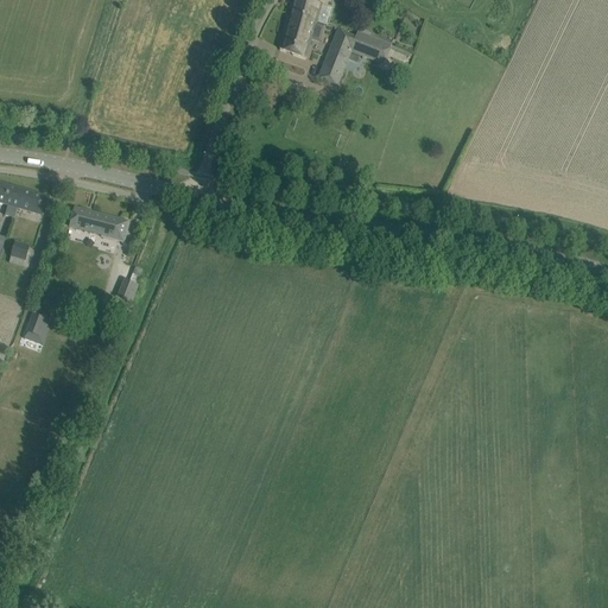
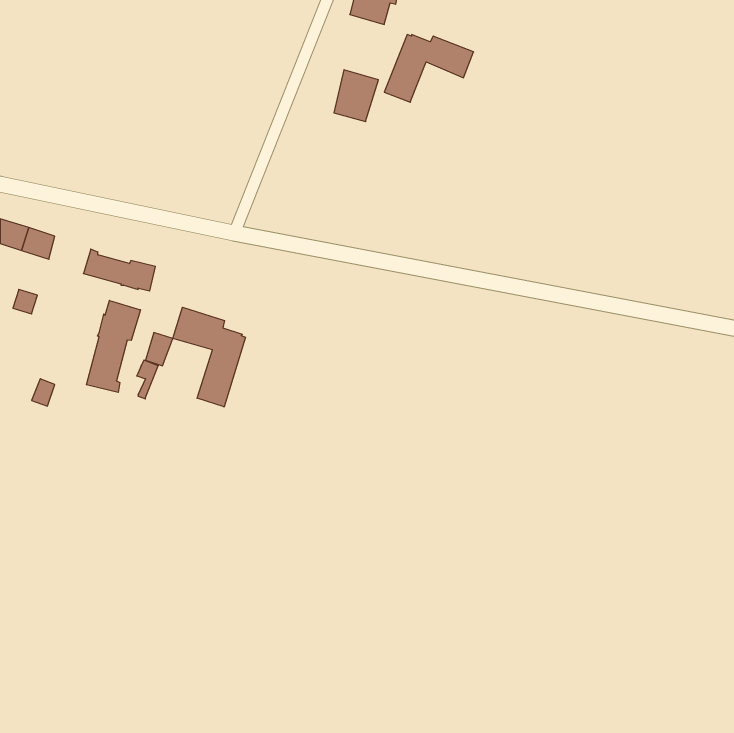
building: [281,12,318,55] -> [334,70,378,122]
building: none -> [86,300,140,392]
building: none -> [173,307,246,407]

